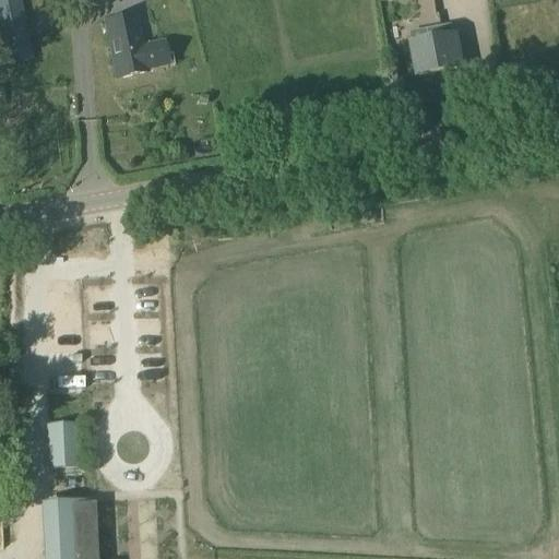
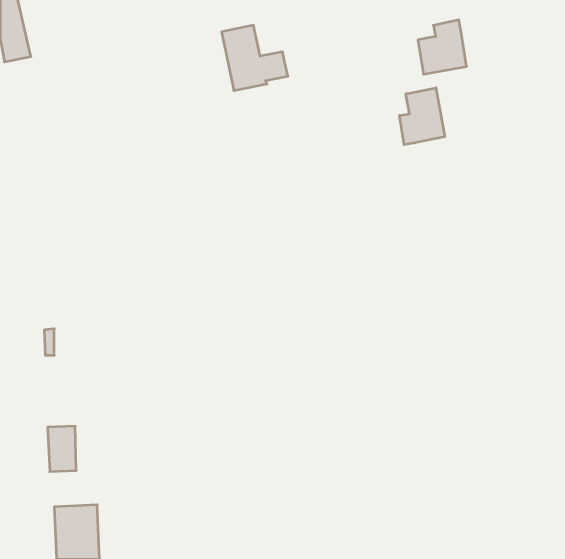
building: [103,11,168,75] -> [222,25,288,91]
building: none -> [400,88,445,145]

